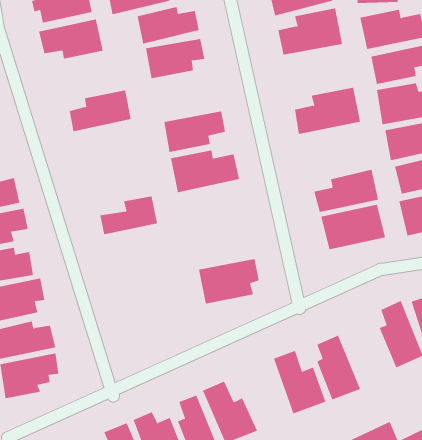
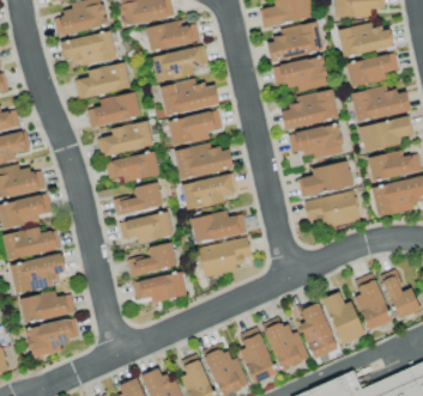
building: none -> [272,56,328,91]
building: none -> [75,62,131,99]
building: none -> [159,79,219,116]
building: none -> [99,121,152,157]
building: none -> [288,124,344,159]
building: none -> [105,151,159,183]
building: none -> [181,173,236,211]
building: none -> [189,211,247,244]
building: none -> [119,212,173,243]
building: none -> [127,243,177,276]
building: none -> [132,272,187,303]
building: none -> [322,292,365,346]
building: none -> [240,327,277,384]

